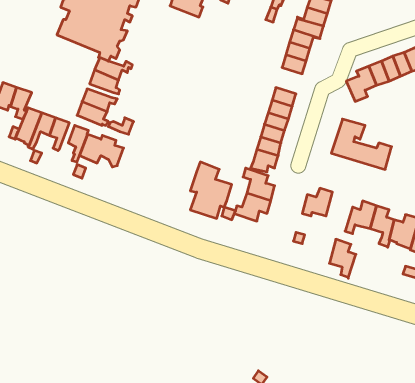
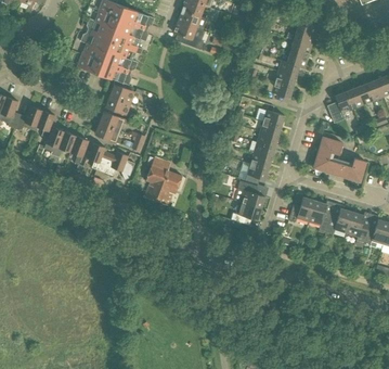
building: [190,162,232,218] -> [145,155,181,204]
building: [329,239,356,278] -> [309,200,332,233]

